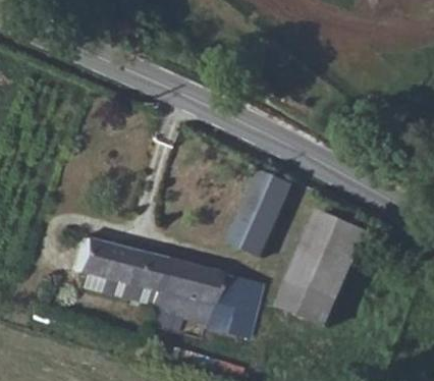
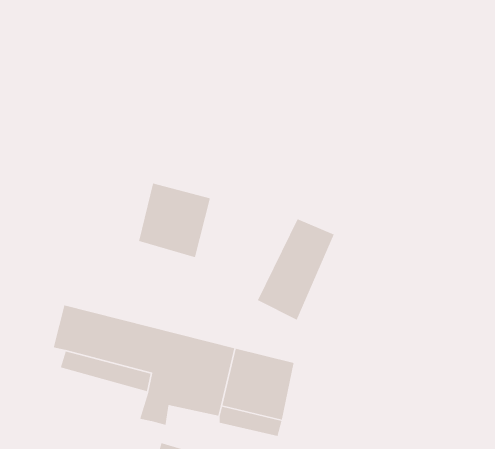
building: none -> [138,183,211,258]
building: [276,209,367,324] -> none

